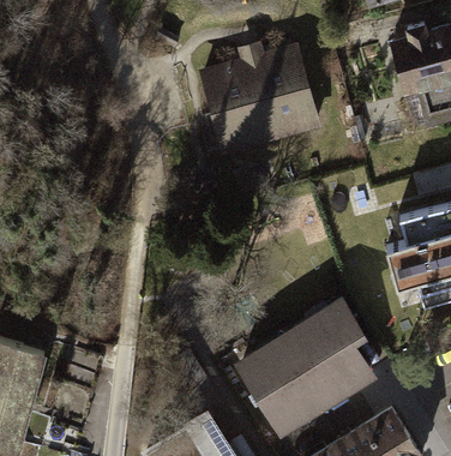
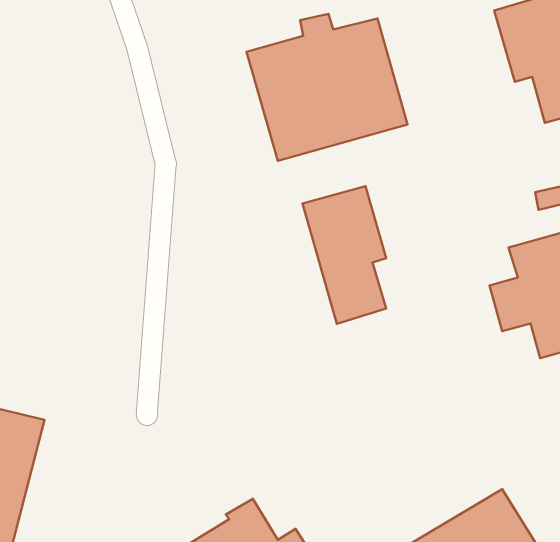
building: none -> [303,186,386,324]
building: [236,305,379,437] -> none

